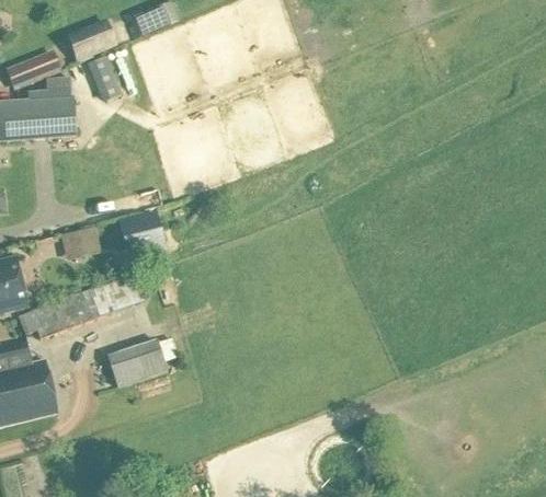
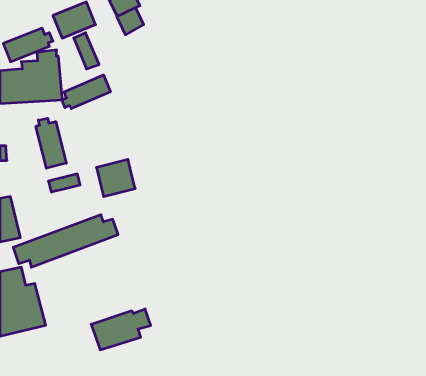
building: none -> [117,8,144,35]
building: none -> [62,75,110,109]
building: none -> [36,118,66,168]
building: [105,336,178,385] -> [91,309,151,350]

